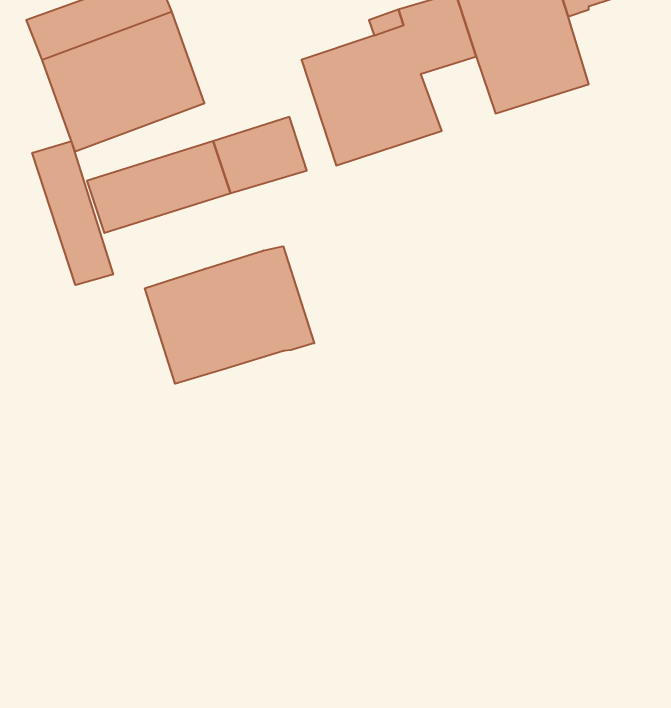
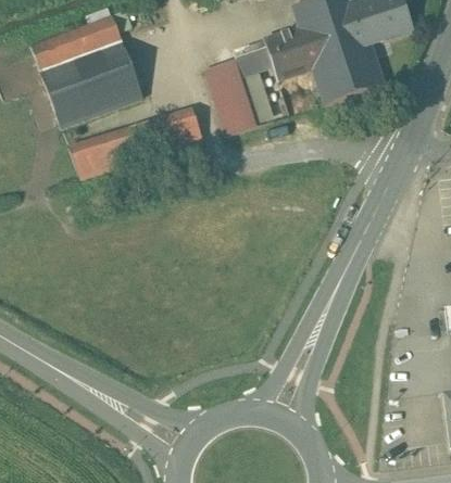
building: [32,141,113,285] -> none
building: [145,246,314,384] -> none

